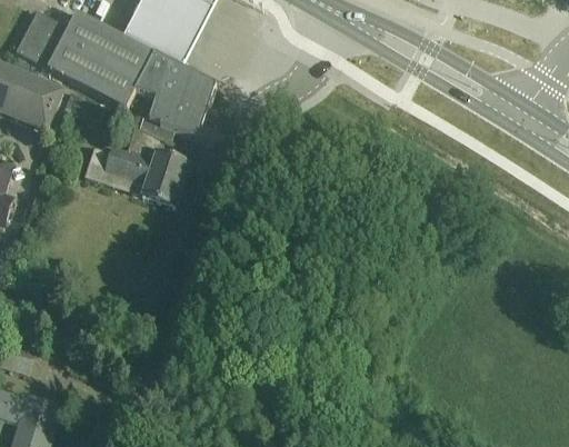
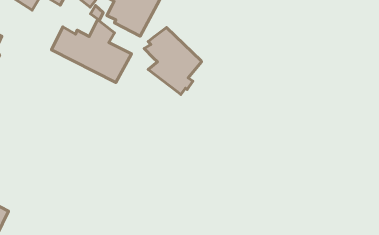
building: none -> [144,28,202,95]

